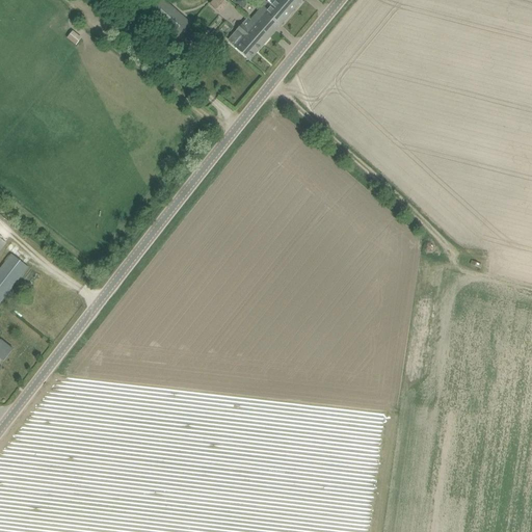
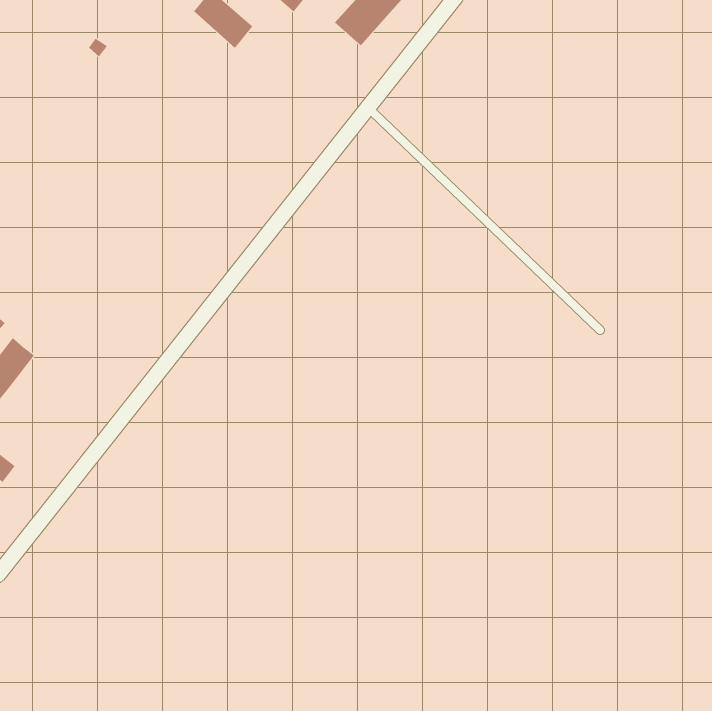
building: [225,17,268,57] -> none

